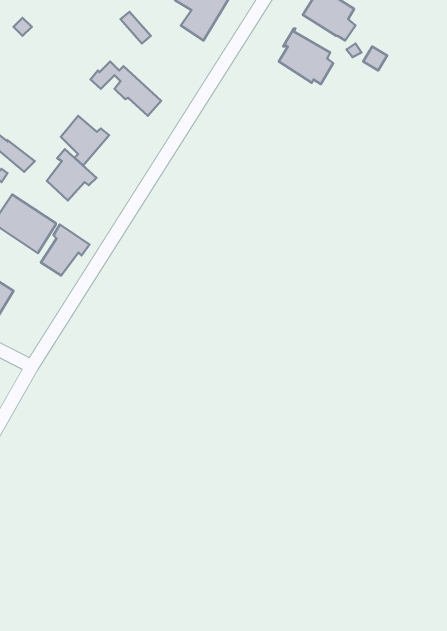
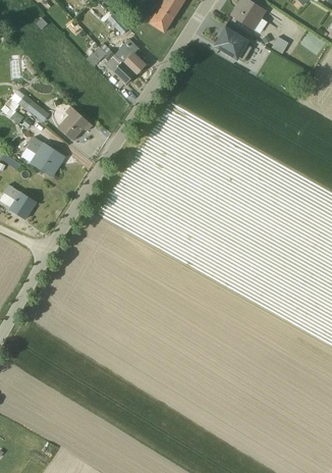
building: none -> [116,40,145,73]
building: [61,116,109,166] -> none
building: [41,225,90,275] -> none

